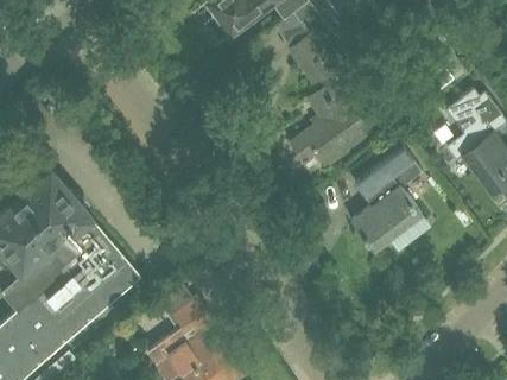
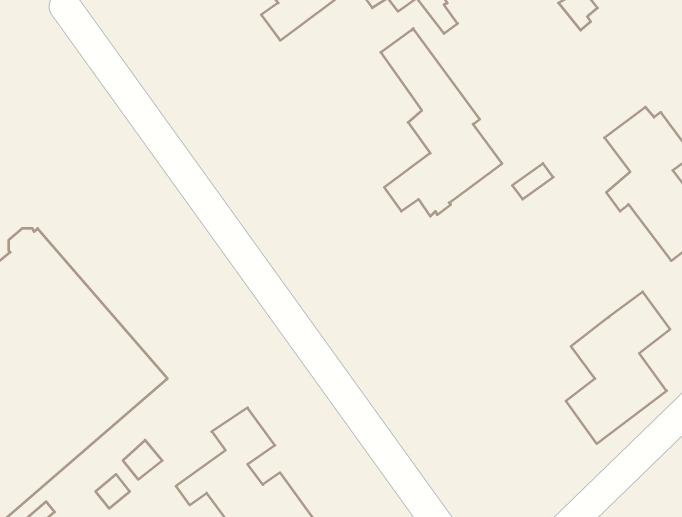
building: [351,147,424,253] -> [566,292,670,444]

